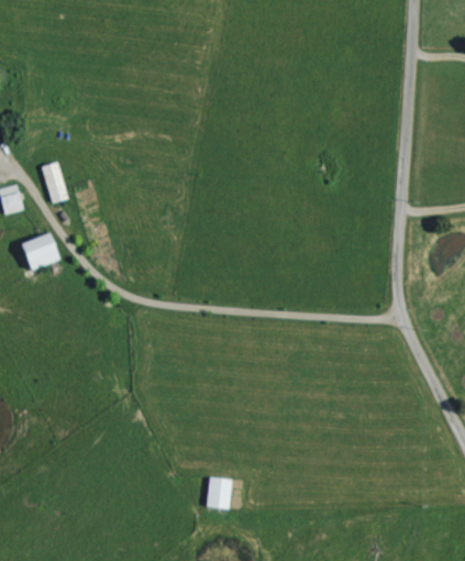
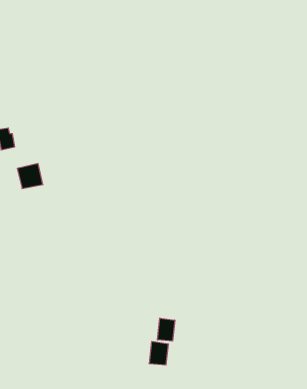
building: [42,162,67,202] -> none
building: none -> [158,318,175,341]

